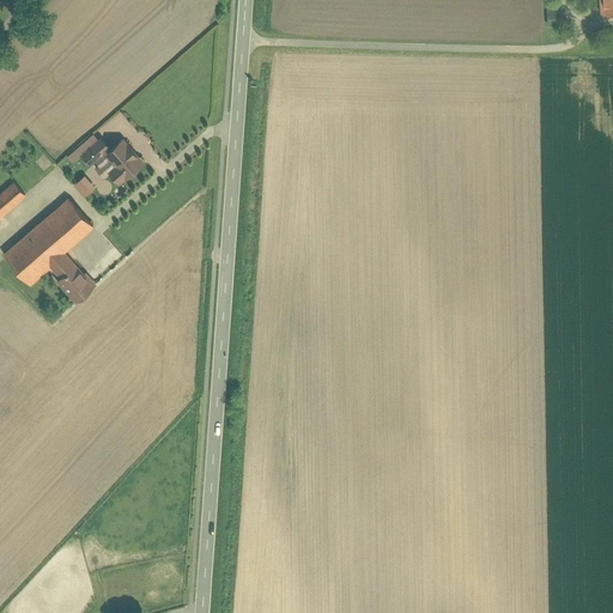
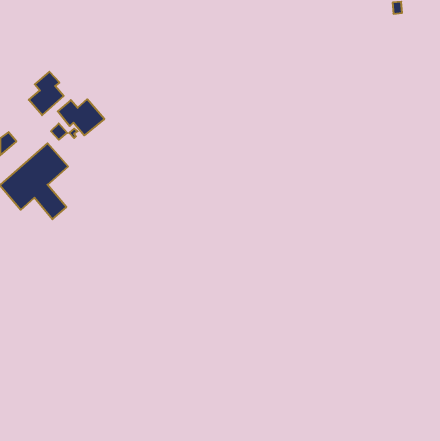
building: none -> [29,72,64,115]

